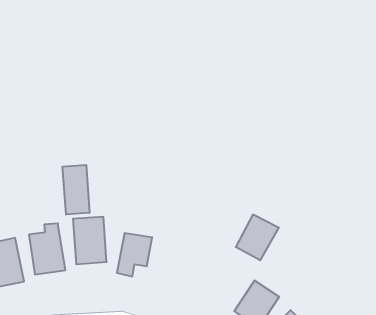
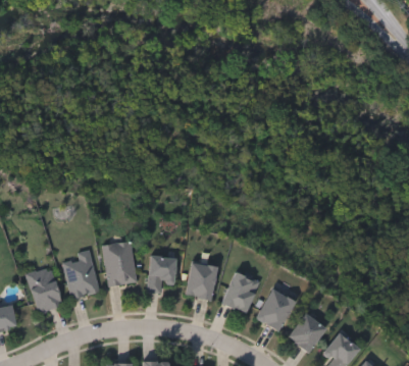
building: [63,165,90,215] -> none
building: [236,215,279,260] -> [222,271,260,312]
building: none -> [186,261,217,299]

